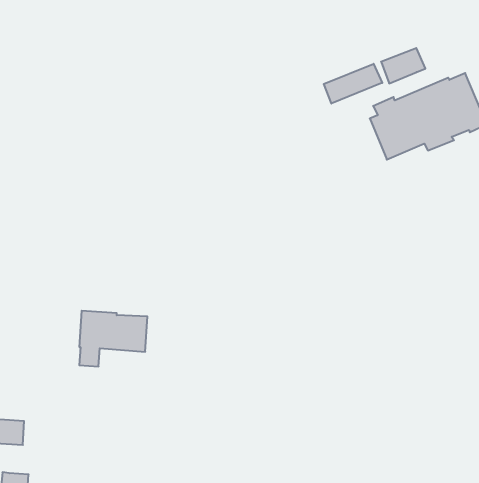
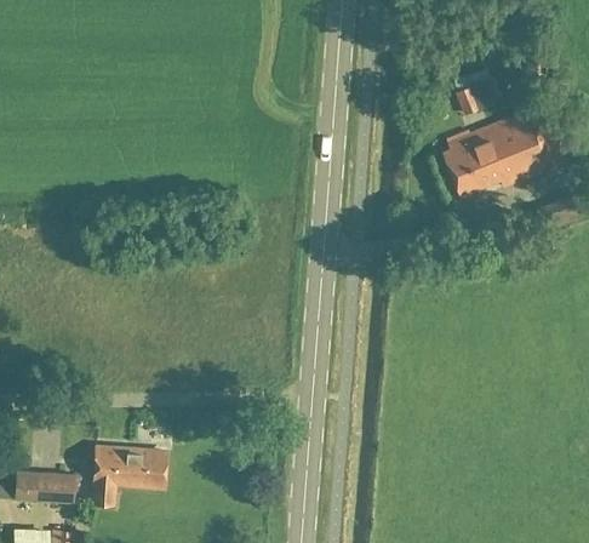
building: [324,64,382,104] -> none
building: [79,311,147,366] -> [93,445,166,504]

